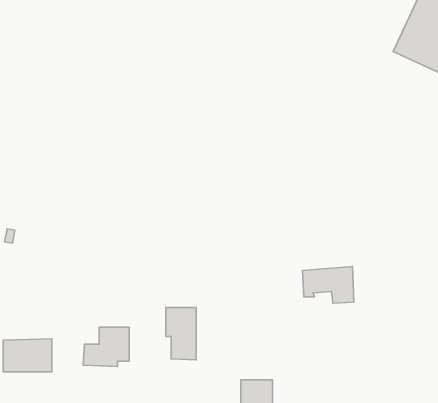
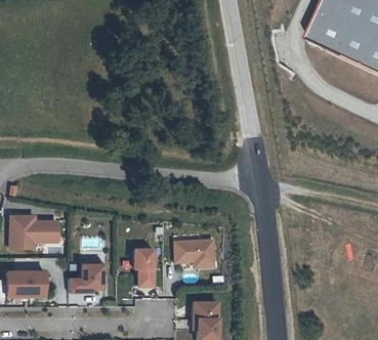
building: [303,267,354,303] -> [174,239,214,267]
building: none -> [10,216,57,248]

